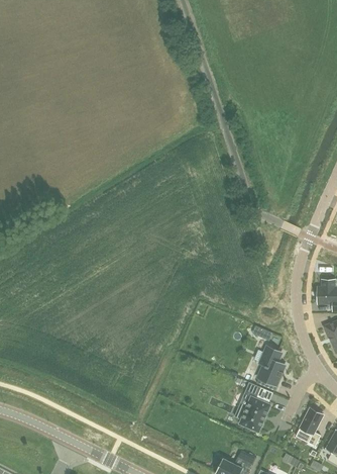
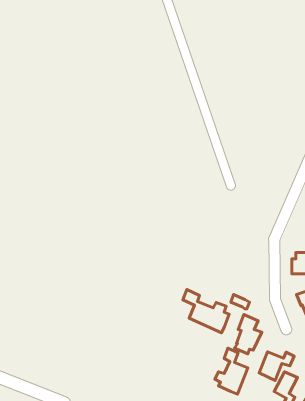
building: none -> [183,289,229,333]
building: none -> [259,352,294,381]

